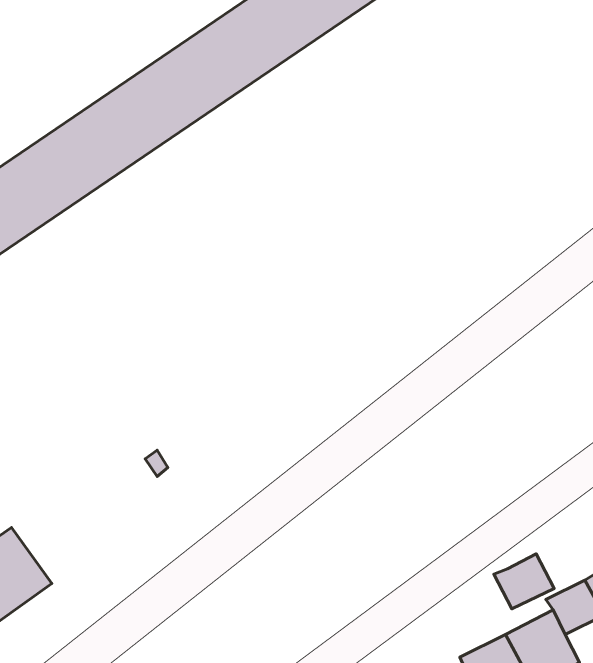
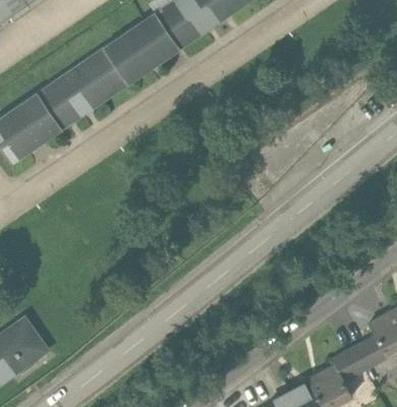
building: [494,554,554,609] -> none

